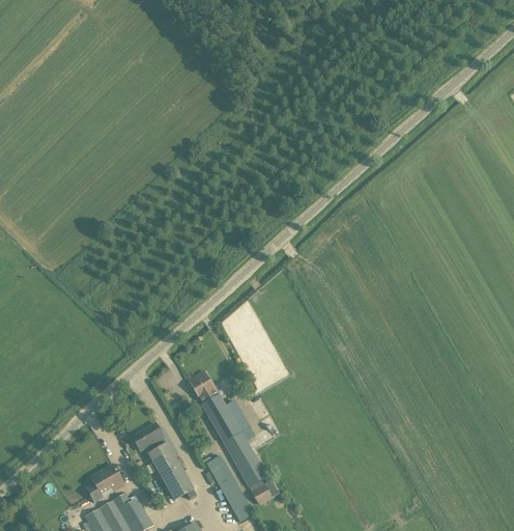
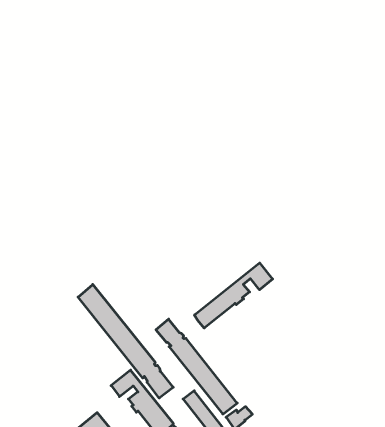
building: none -> [78,284,173,398]
building: none -> [195,263,273,328]

